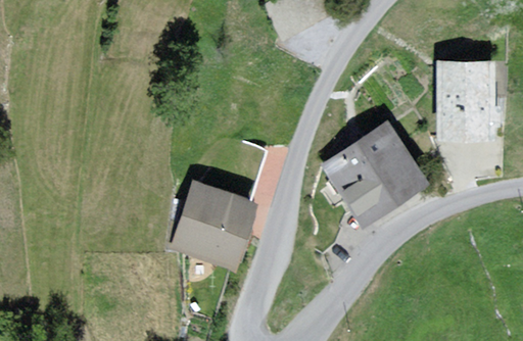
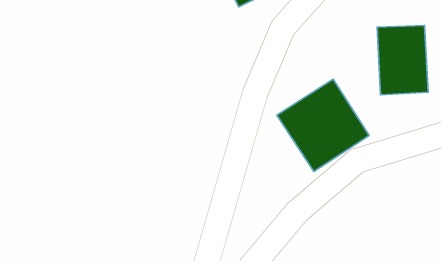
building: [171,185,249,265] -> none

